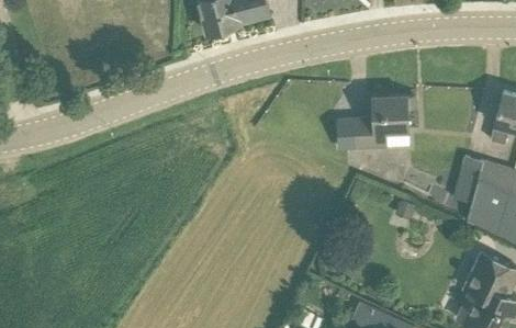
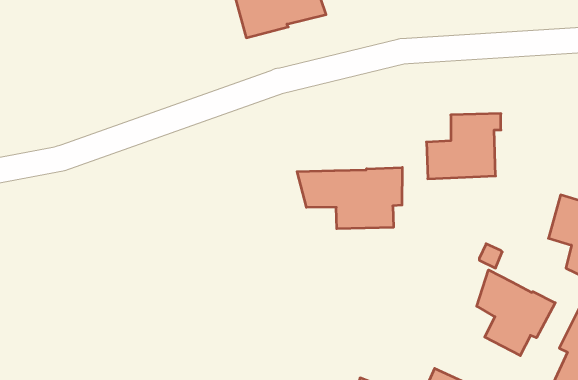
building: none -> [297,167,402,229]
building: none -> [477,270,555,356]

